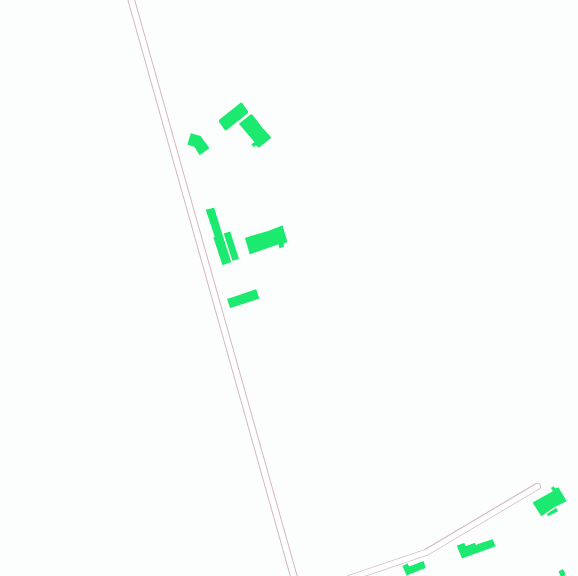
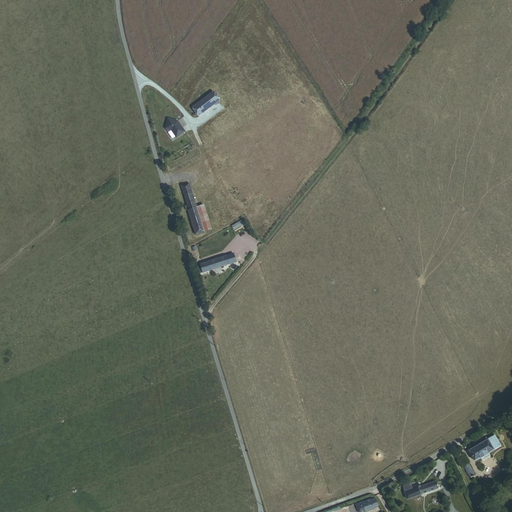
building: [238,113,272,149] -> none
building: [244,225,288,255] -> none

